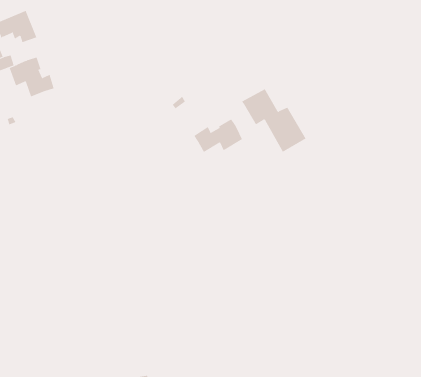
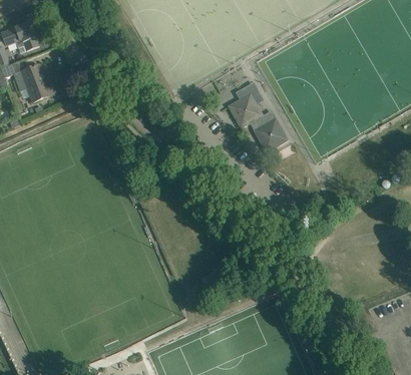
building: [194,118,243,153] -> none

